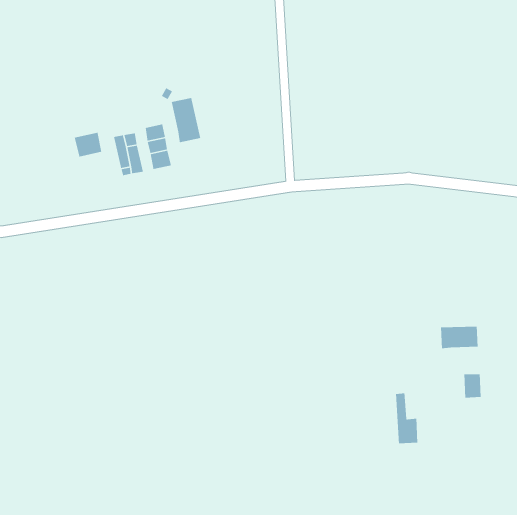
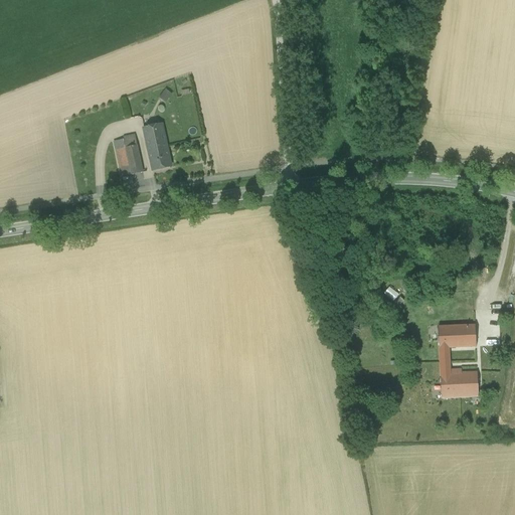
building: [171,97,201,143] -> none
building: [74,132,102,157] -> none
building: [395,393,418,444] -> [439,346,462,397]

